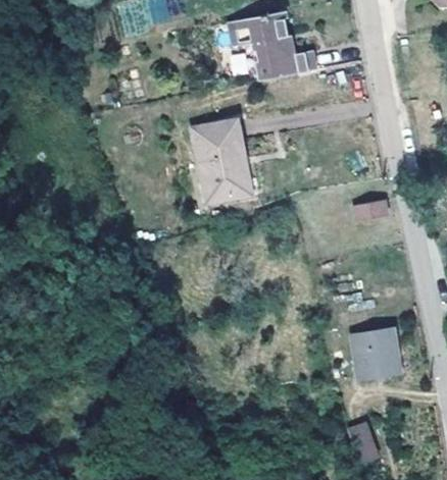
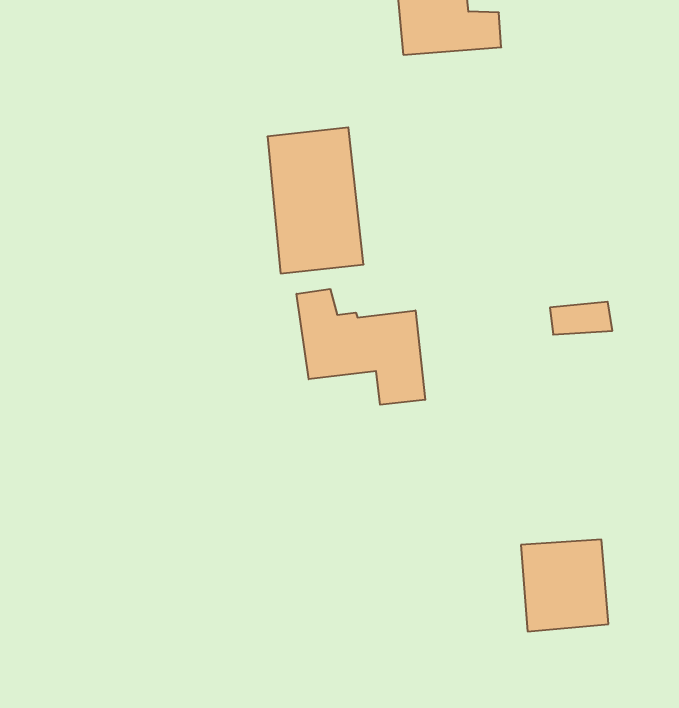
building: none -> [297,289,425,405]

